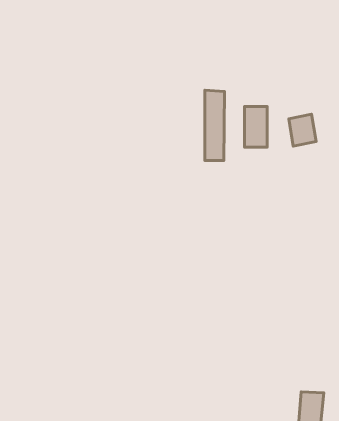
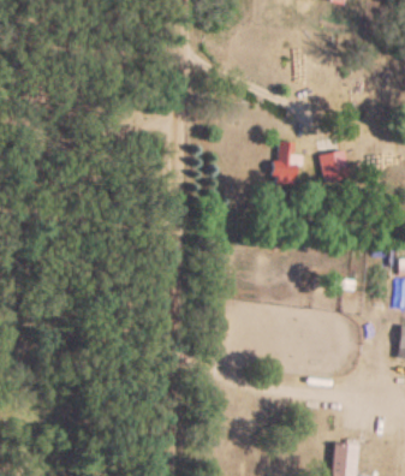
building: [205,90,225,161] -> none

